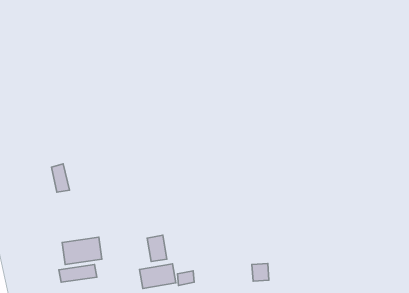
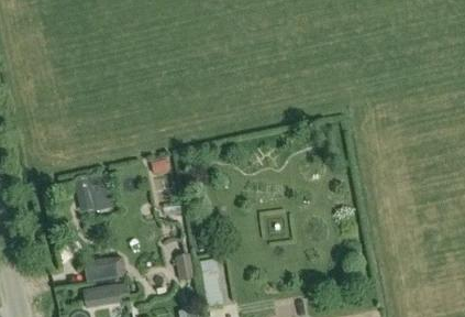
building: [140,264,176,288] -> none

